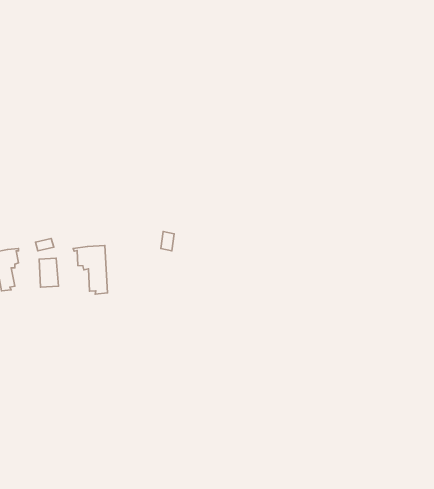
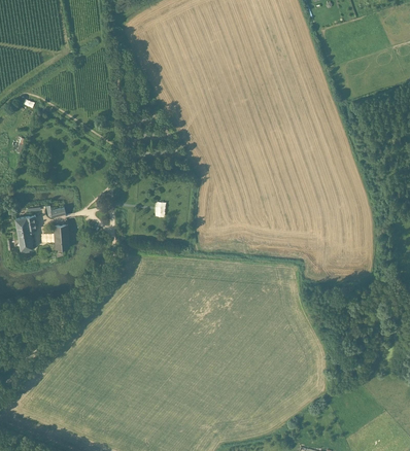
building: [73,245,108,294] -> none

